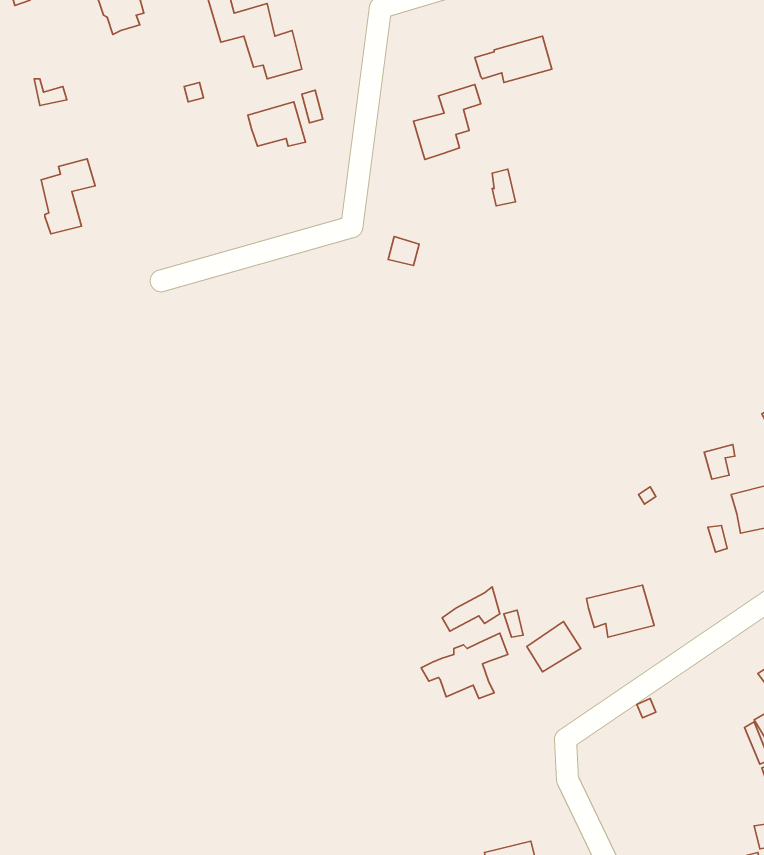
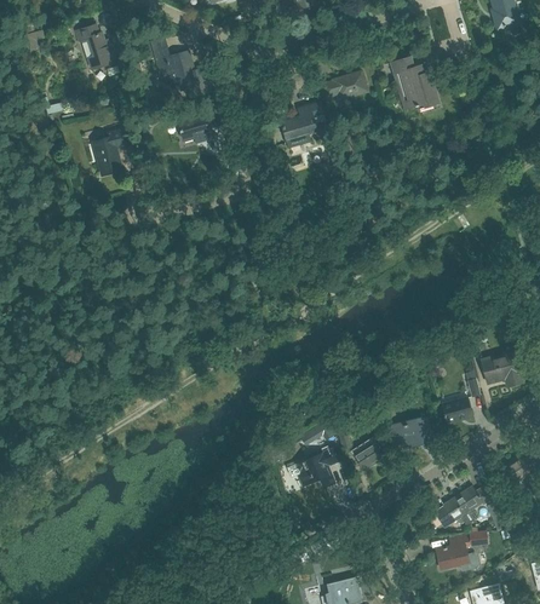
building: none -> [391,56,440,109]
building: [41,159,95,234] -> [97,127,131,174]
building: none -> [442,396,473,422]
building: none -> [436,484,494,527]
building: none -> [437,529,489,571]

